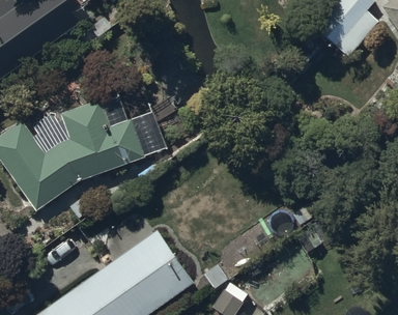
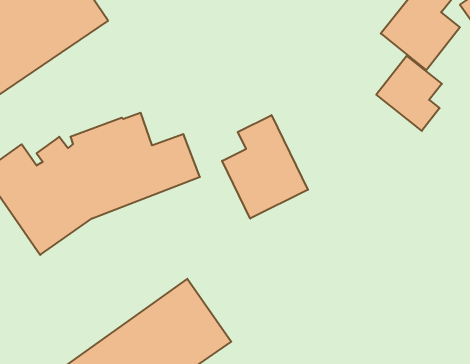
building: none -> [376,56,442,131]
building: none -> [222,115,308,219]

